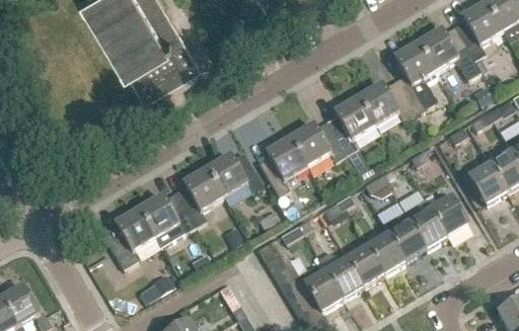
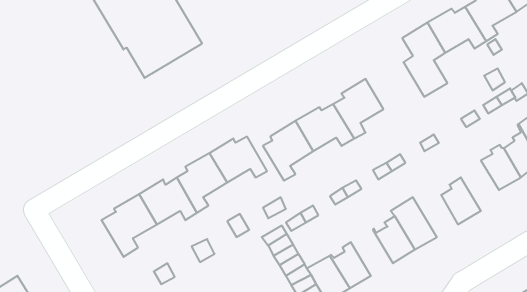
building: [357,81,414,127] -> none
building: [402,199,446,250] -> none
building: [343,243,383,287] -> none

